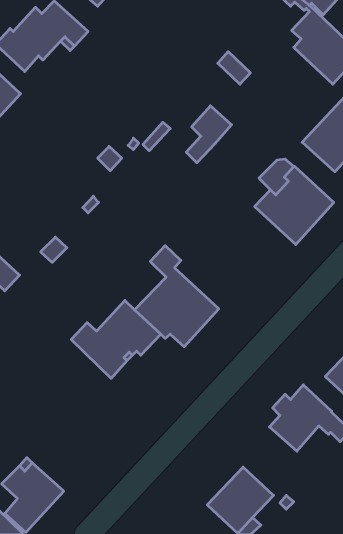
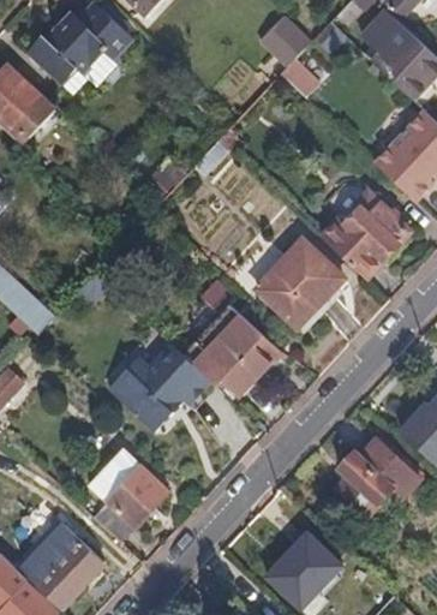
building: [186,106,232,163] -> [259,17,311,82]
building: none -> [257,243,342,328]
building: none -> [89,448,169,542]

